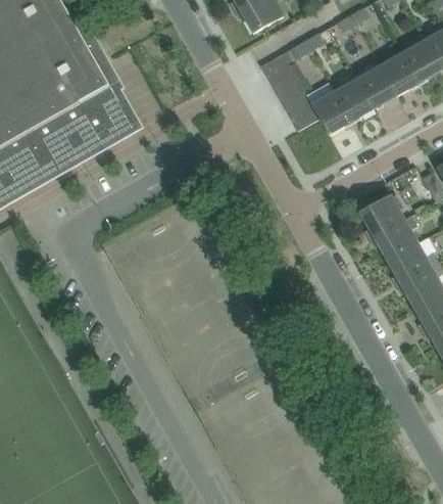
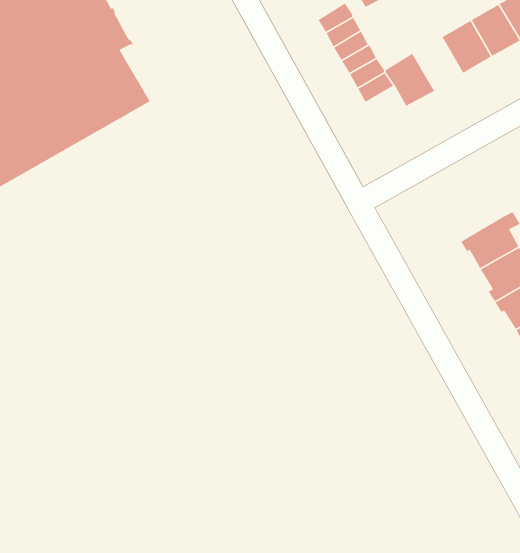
building: [335,80,374,122] -> none
building: [360,195,404,238] -> none

